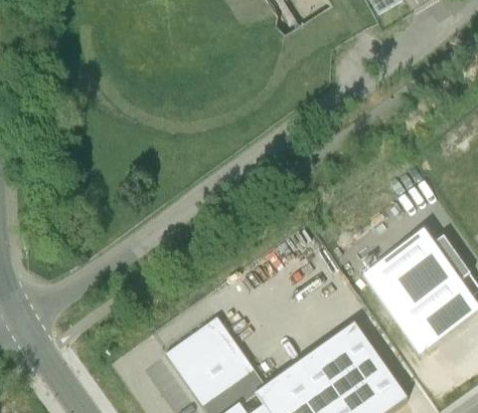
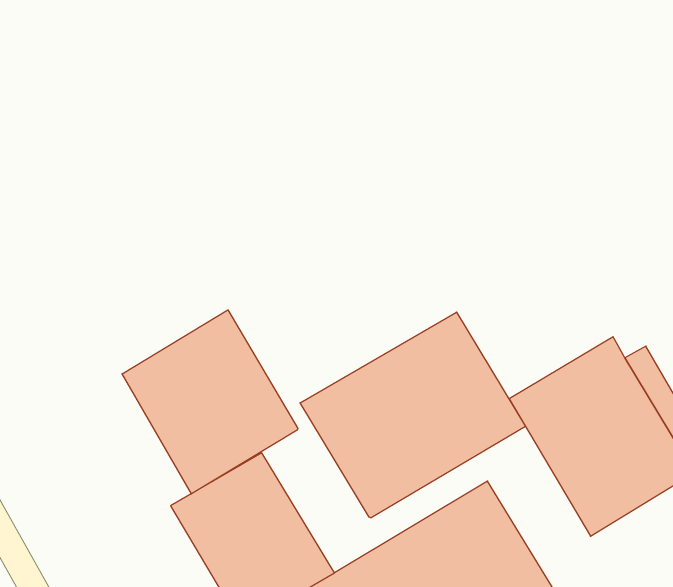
building: none -> [300,312,526,518]
building: none -> [122,310,298,494]

